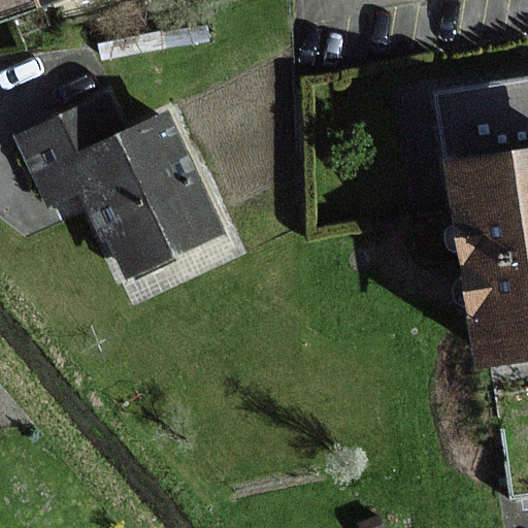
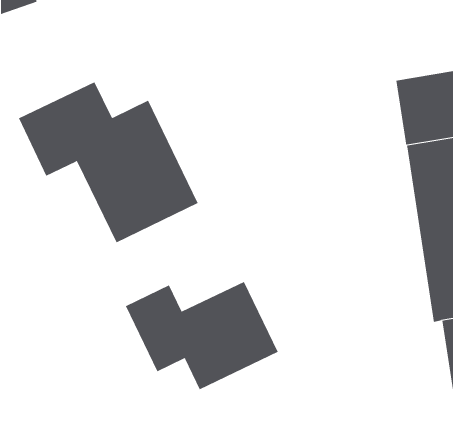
building: none -> [125,281,278,390]

